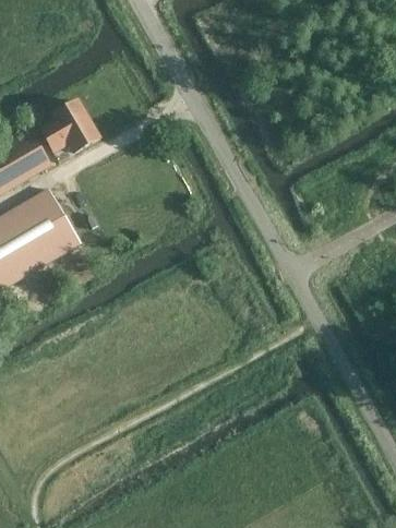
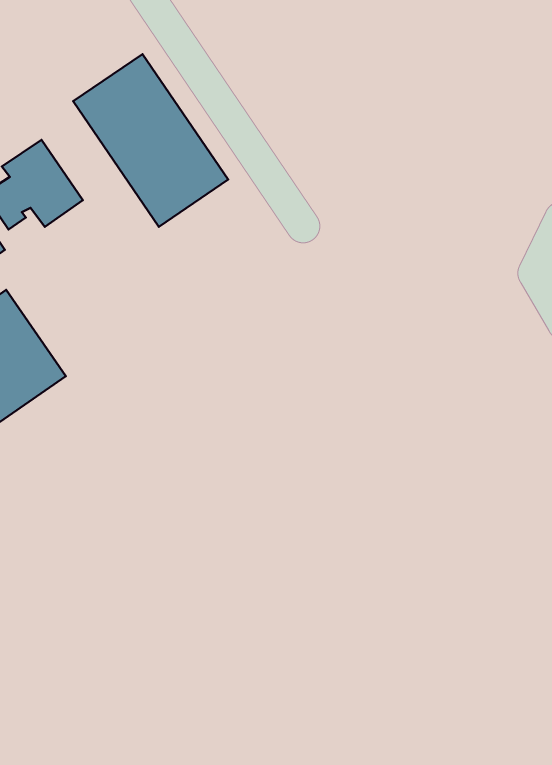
building: none -> [73,54,228,227]

